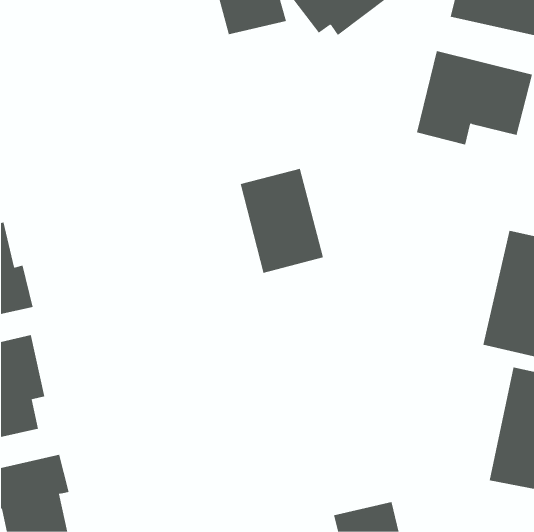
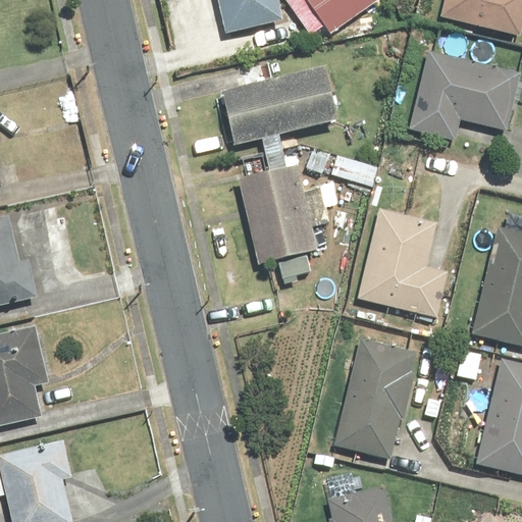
building: none -> [219,67,333,155]
building: none -> [356,209,450,318]
building: none -> [335,319,416,459]

